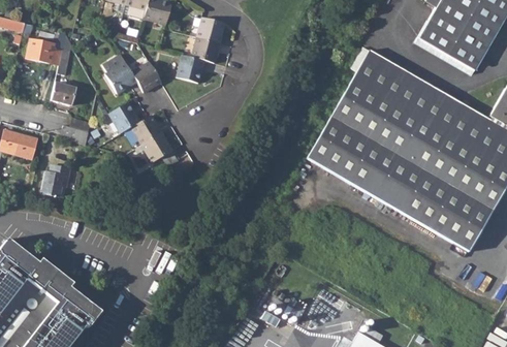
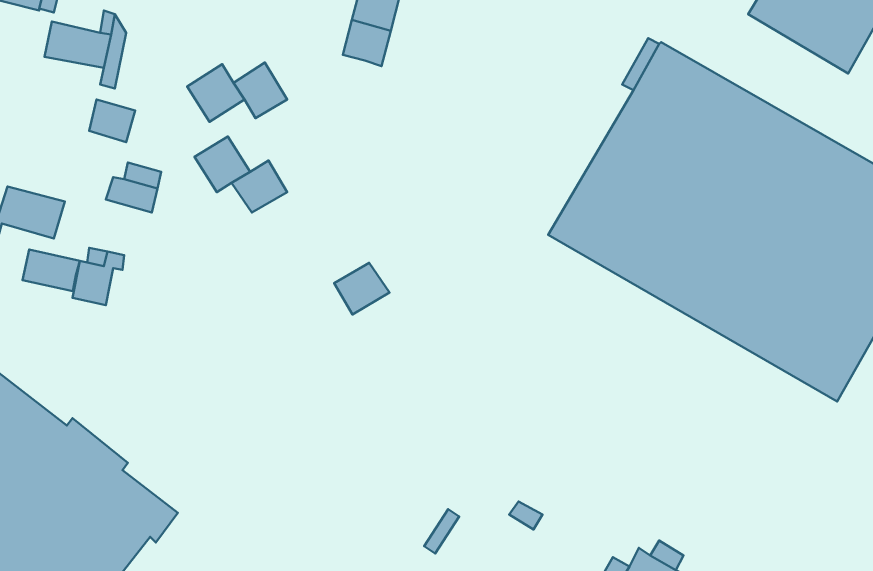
building: [177,56,204,84] -> none
building: [141,134,172,163] -> [334,263,390,315]
building: none -> [22,250,80,291]

